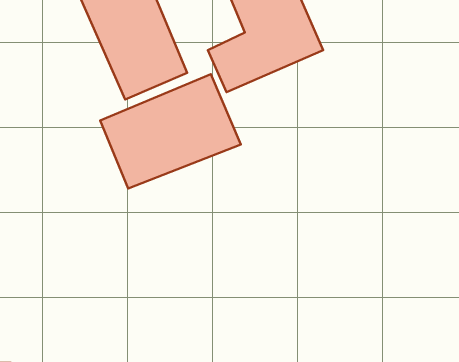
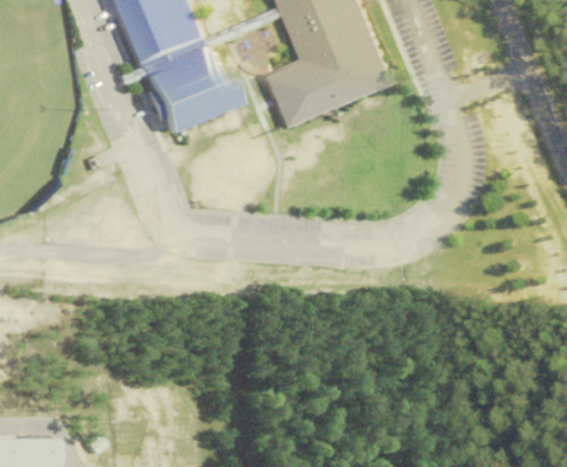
building: [100,74,241,188] -> none

